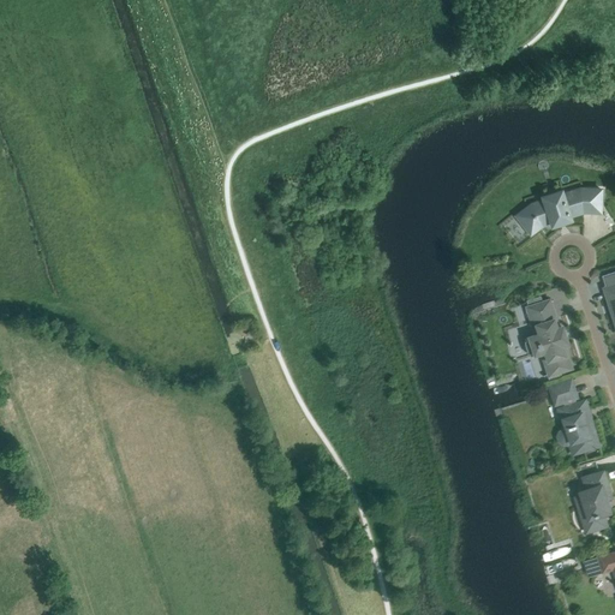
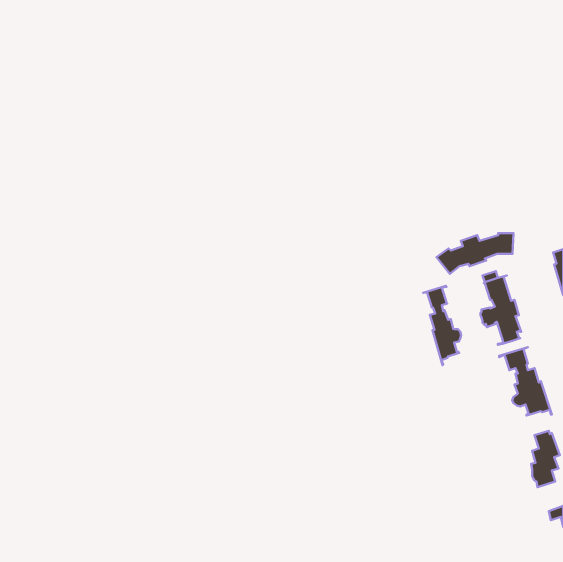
building: [517,190,601,234] -> [436,233,514,274]
building: none -> [423,286,461,365]

